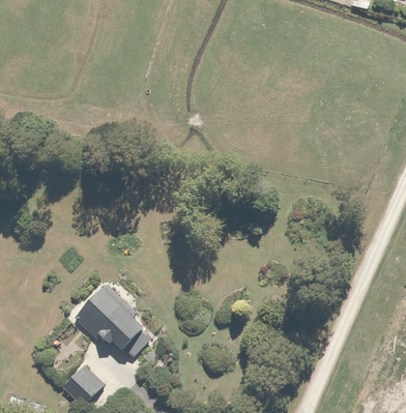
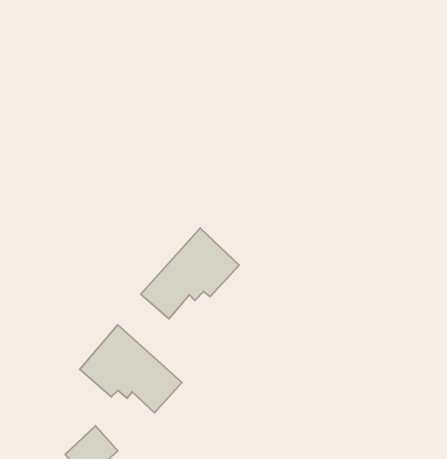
building: none -> [141,228,239,319]

